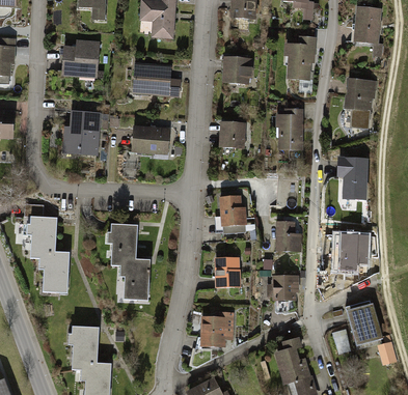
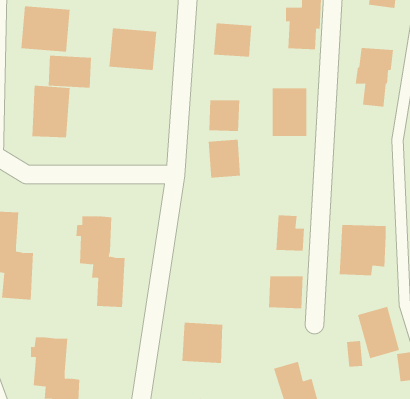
building: [133,128,170,156] -> [48,55,92,88]
building: [334,157,366,202] -> none
building: [218,195,246,228] -> [208,139,241,178]
building: [213,255,239,285] -> none

